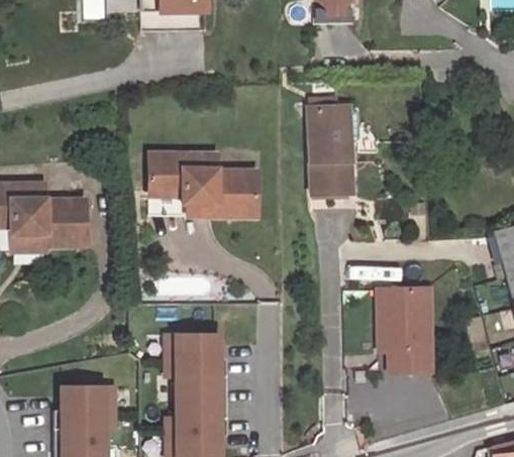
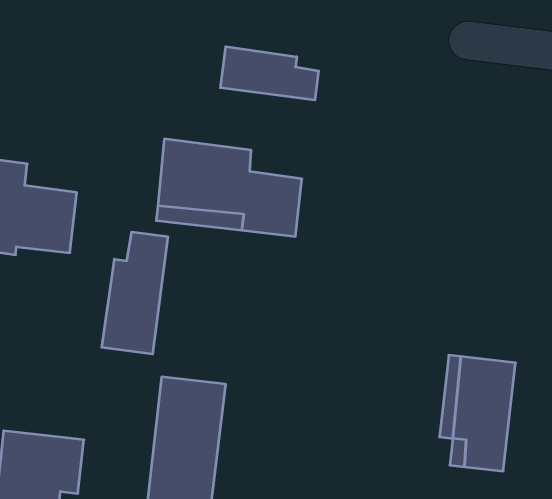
building: none -> [220,47,319,100]
building: [316,109,353,195] -> none
building: none -> [102,232,168,354]

